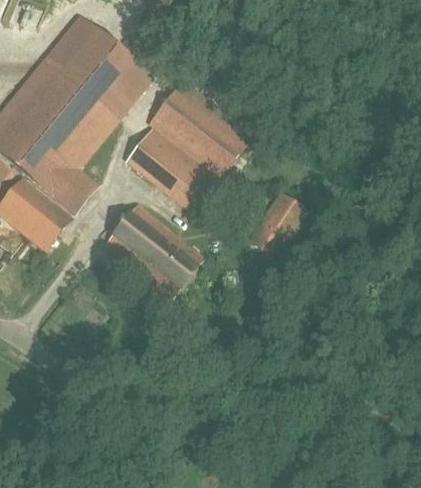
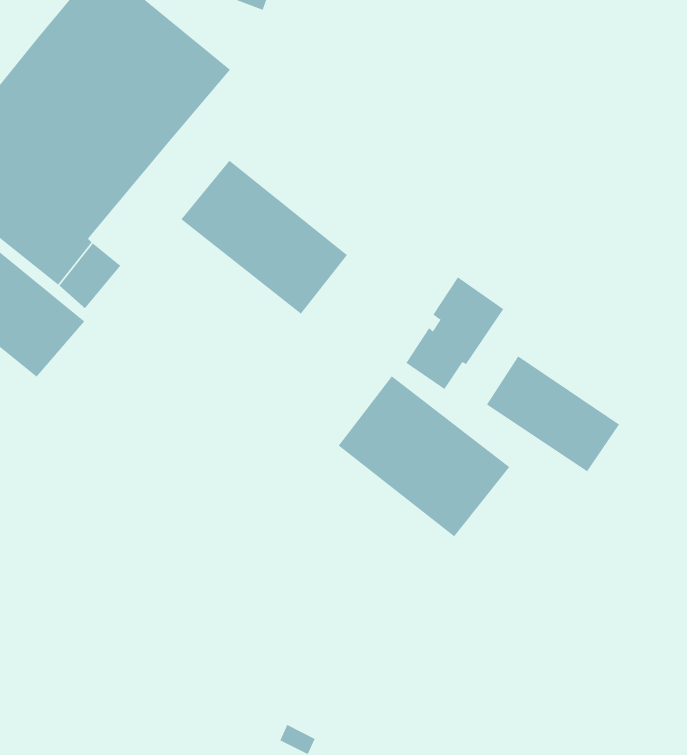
building: [148,78,251,180] -> none
building: [107,206,203,296] -> [338,376,510,537]
building: none -> [486,355,620,472]

